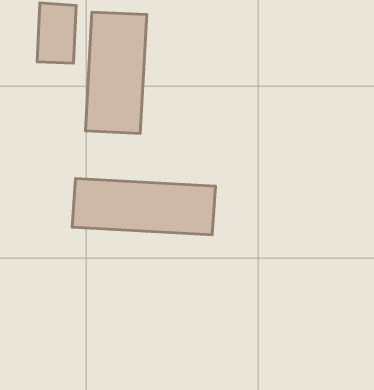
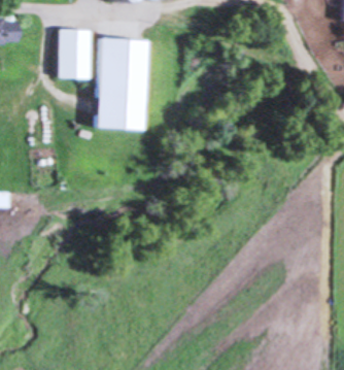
building: [72,179,215,235] -> none

